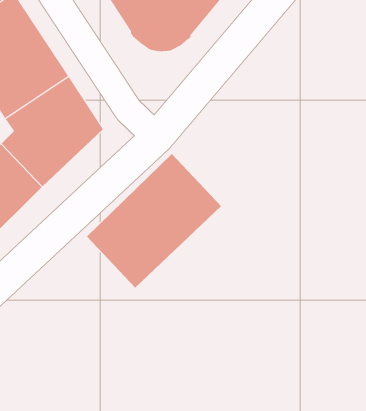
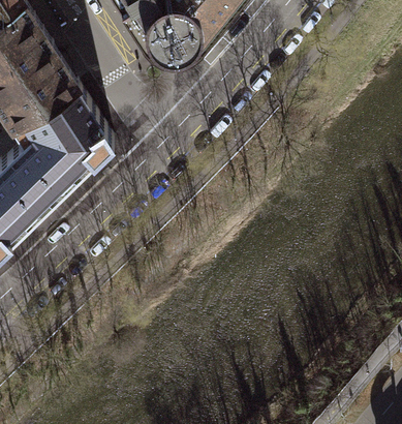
building: [86,153,222,288] -> none

